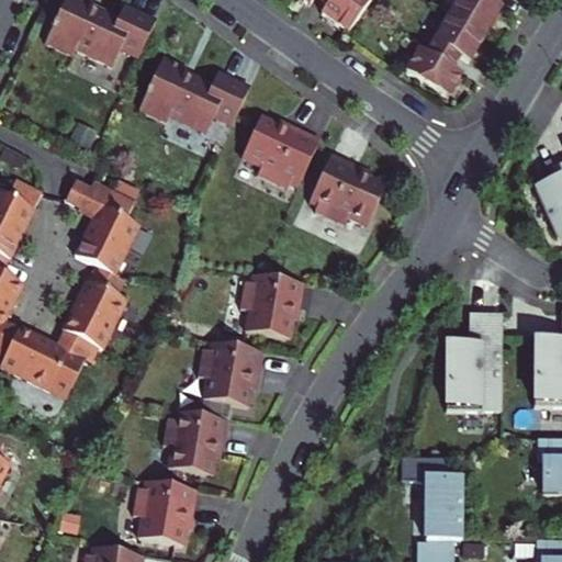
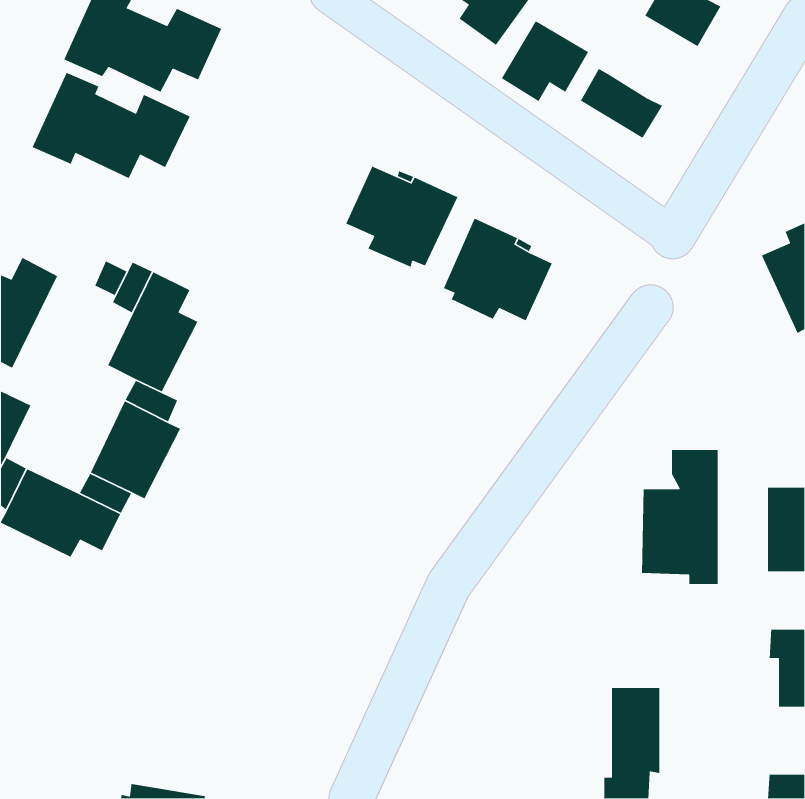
building: [425,11,486,68] -> [501,20,589,102]
building: [138,56,249,131] -> [32,72,191,179]
building: [239,273,304,344] -> none
building: [198,341,261,406] -> none
building: [162,409,226,475] -> none
building: [132,480,196,544] -> none

